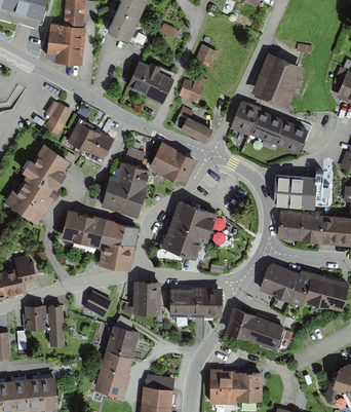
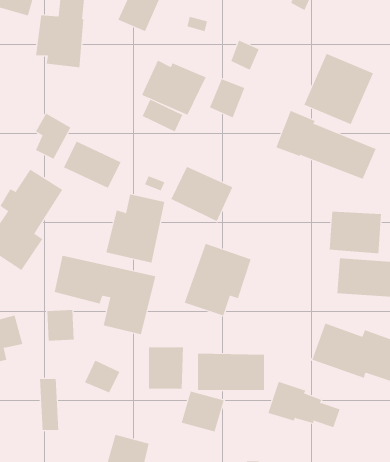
building: [182,116,213,142] -> [142,99,183,132]
building: [25,306,46,331] -> [47,309,74,341]
building: [107,325,141,357] -> [181,391,225,432]

